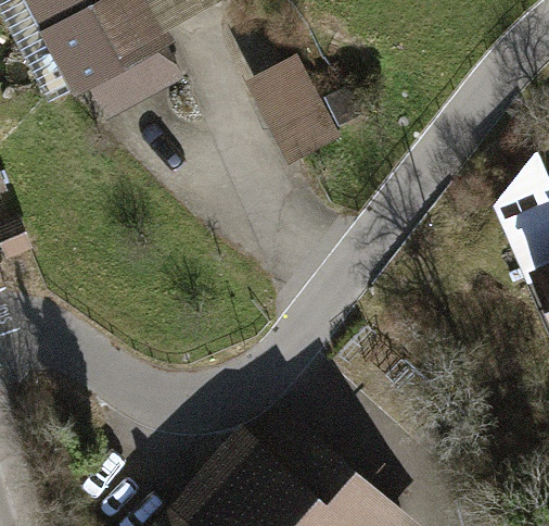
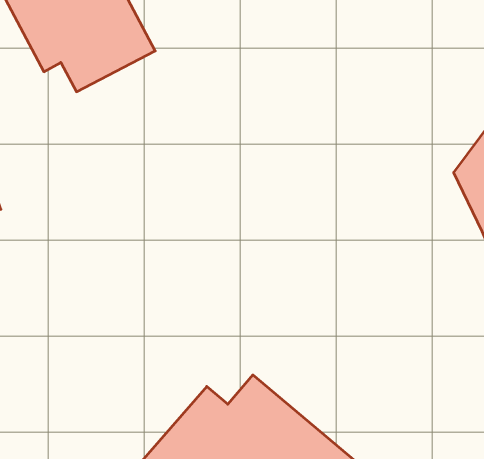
building: [251,59,342,165] -> none

